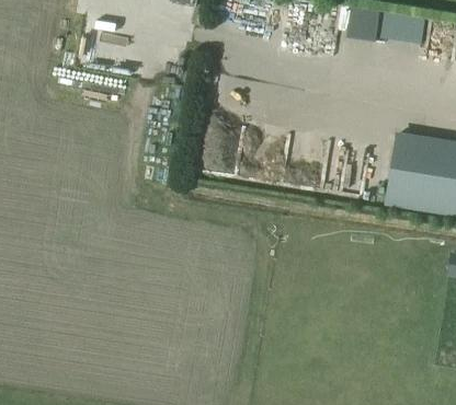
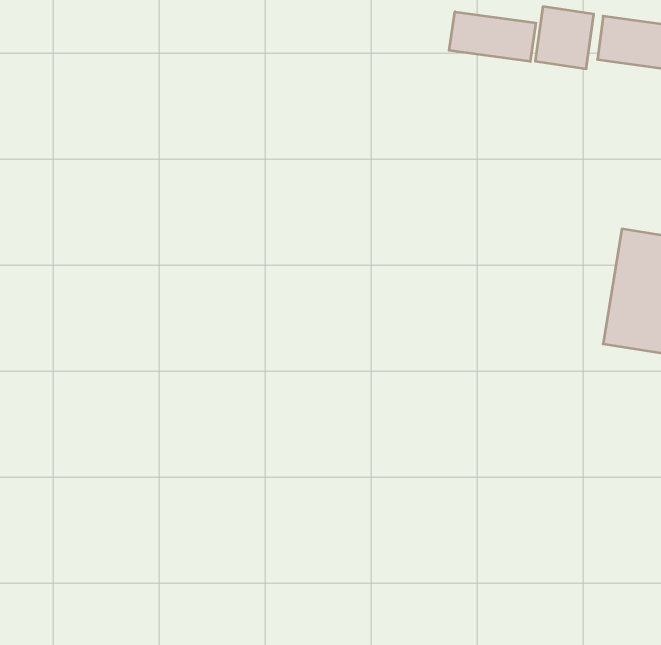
building: none -> [449,12,536,62]

